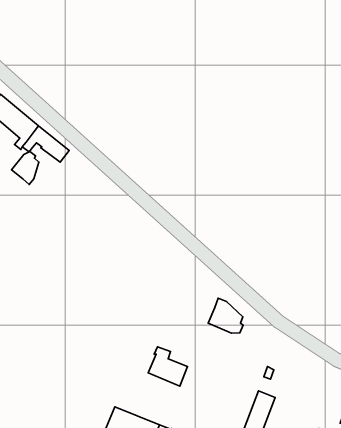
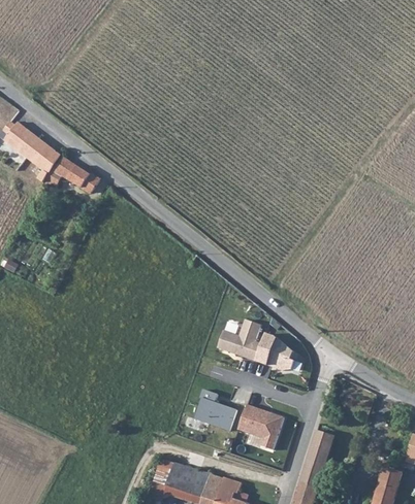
building: [12,152,39,184] -> none
building: none -> [218,318,263,361]
building: none -> [238,404,285,449]

